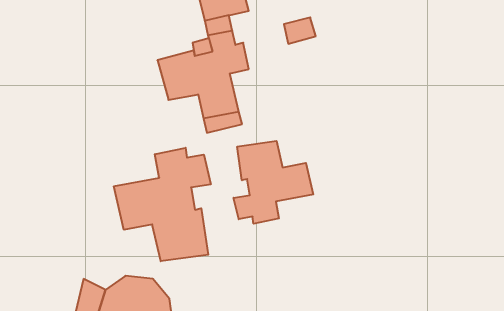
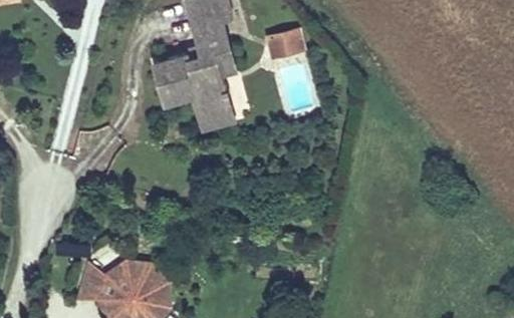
building: [234,141,313,224] -> none
building: [114,148,211,261] -> none

